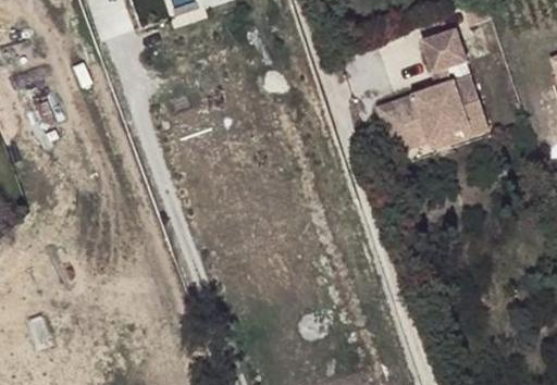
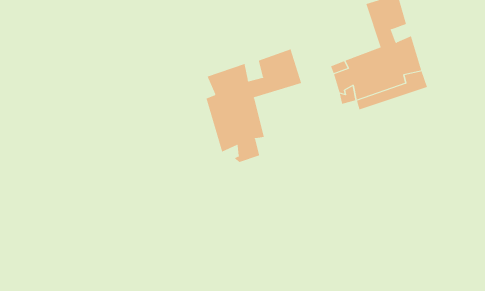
building: none -> [206,49,302,163]

